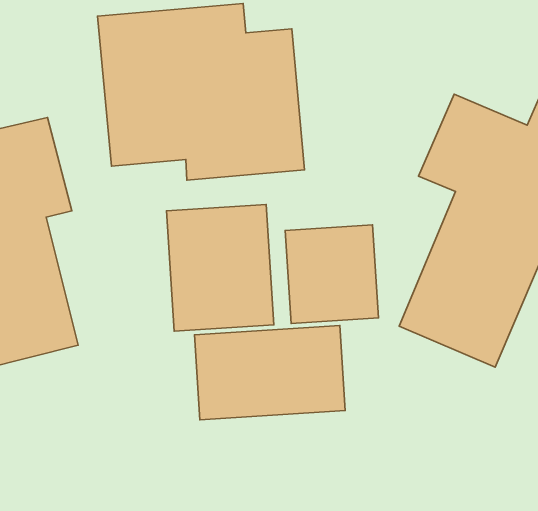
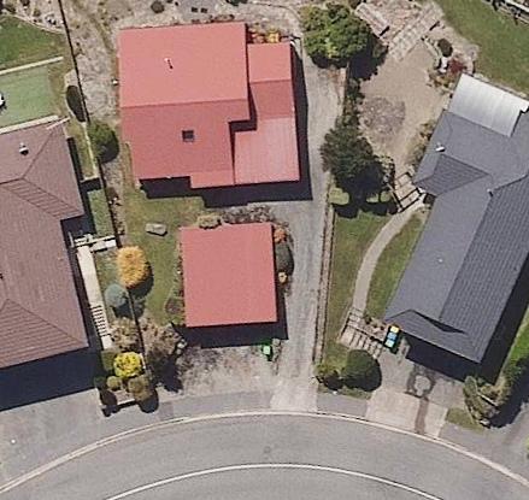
building: [285,225,378,323] -> none
building: [195,326,345,420] -> none

